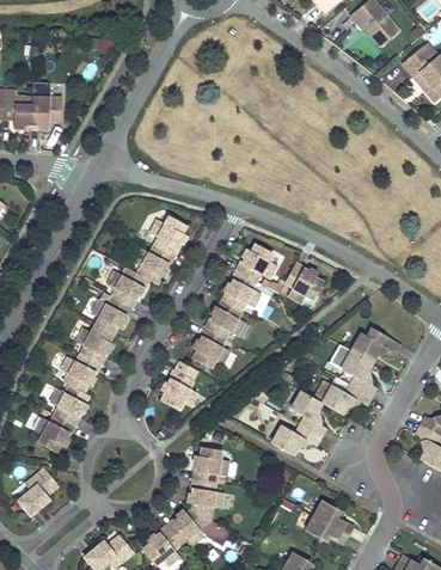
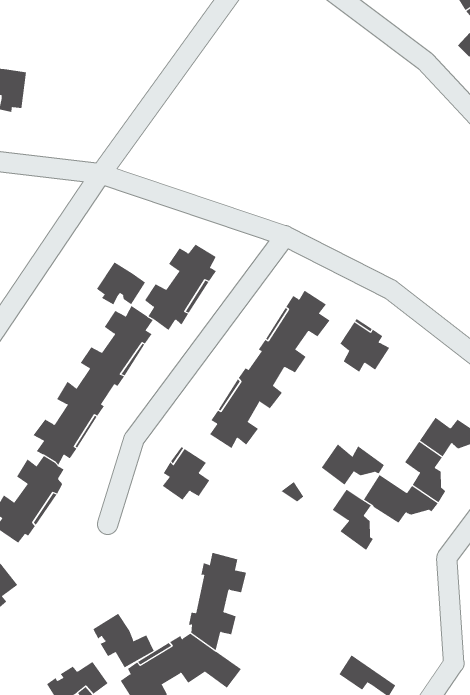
building: [31,97,62,129] -> none
building: none -> [96,262,146,305]
building: [270,422,318,453] -> [321,444,385,486]
building: none -> [92,613,155,668]
building: [313,498,354,534] -> none

